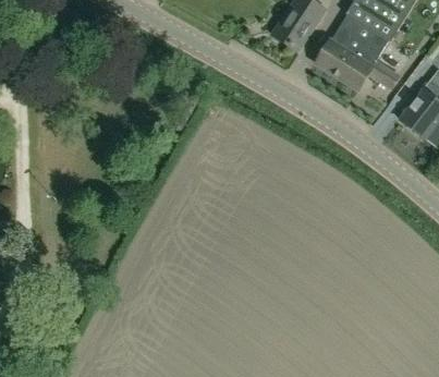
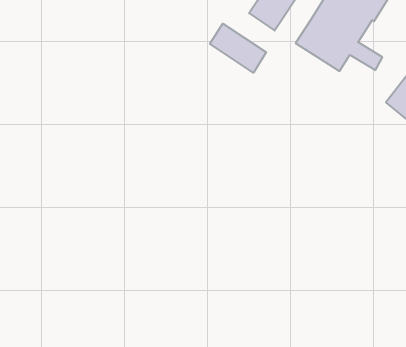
building: none -> [210,24,266,73]

